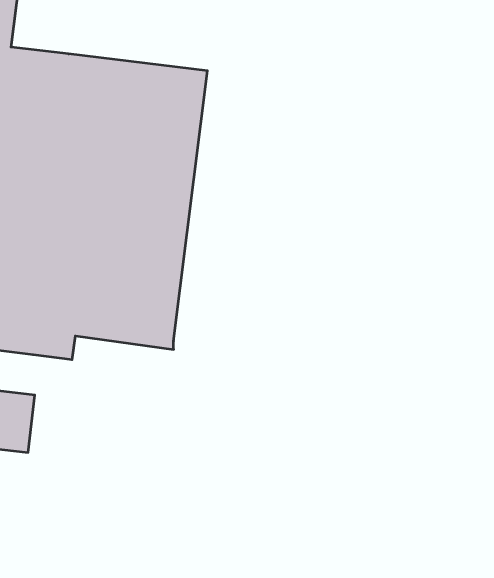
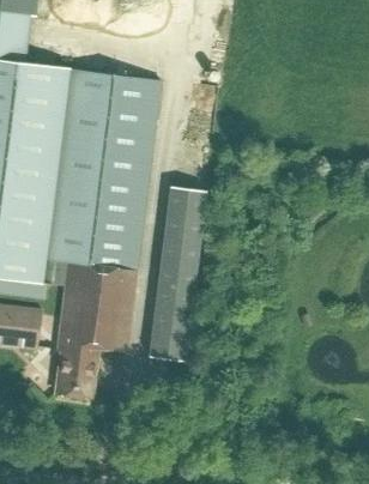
building: none -> [149,184,210,361]
building: none -> [58,268,138,399]

